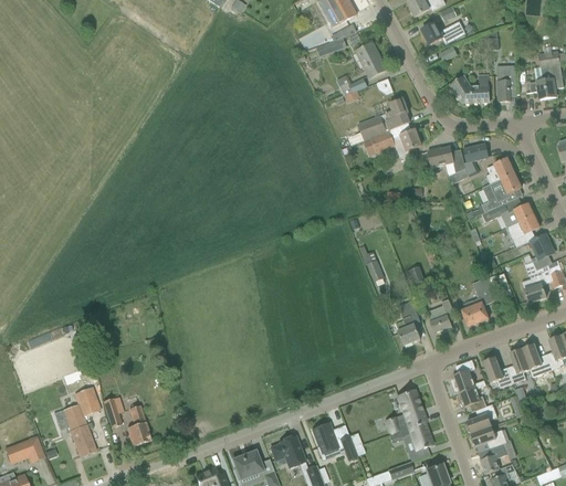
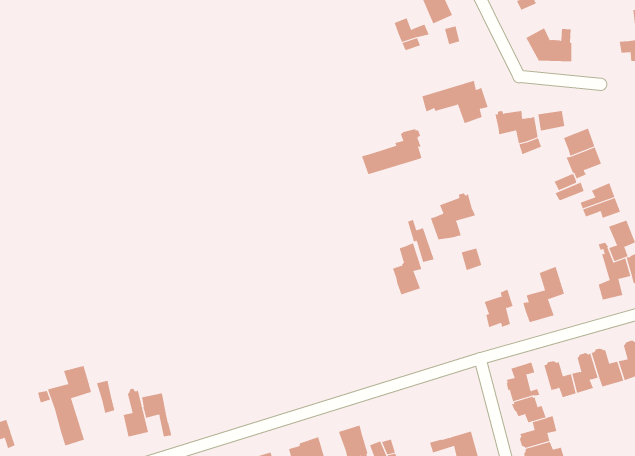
building: [496,64,516,102] -> none
building: [357,97,409,139] -> [361,129,422,175]
building: none -> [430,192,476,240]
building: [395,299,420,345] -> [392,243,422,295]
building: [396,389,426,430] -> none
building: none -> [141,393,172,437]

